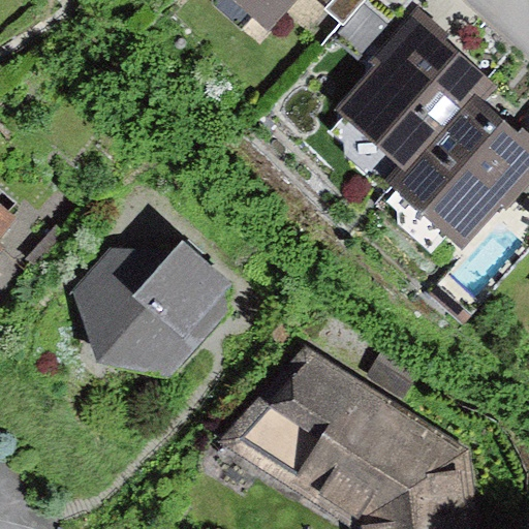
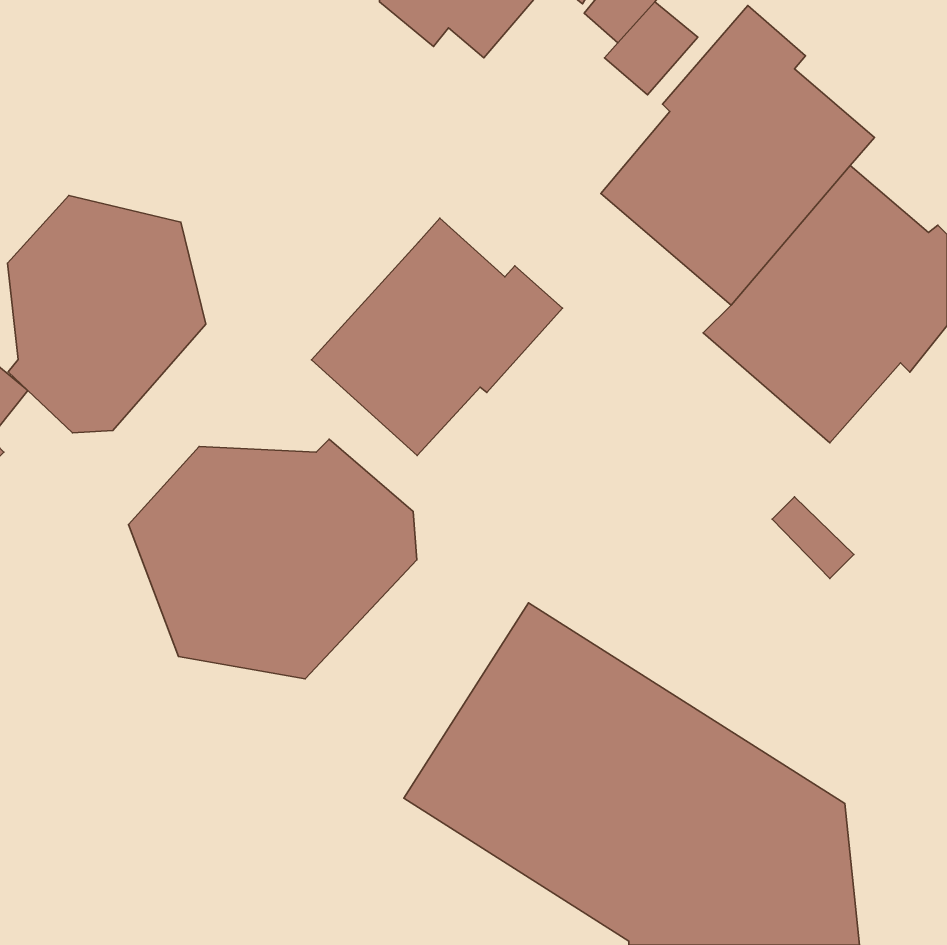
building: none -> [8,196,206,433]
building: none -> [312,218,562,455]

